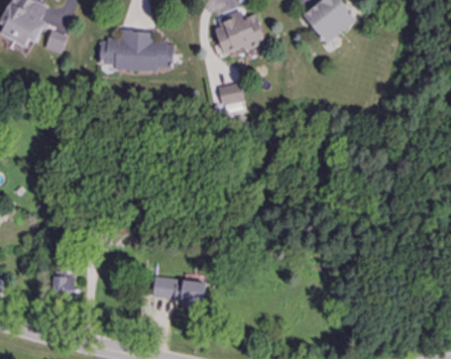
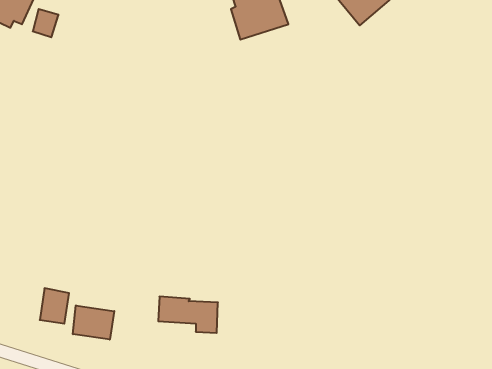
building: [101,30,174,71] -> none
building: [218,82,244,105] -> none
building: none -> [73,305,114,340]

